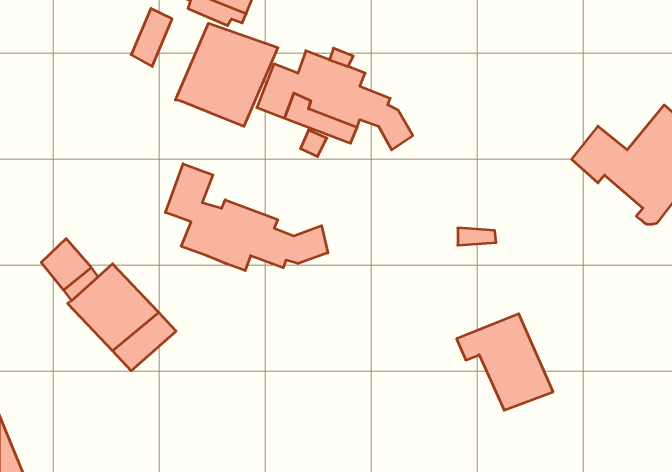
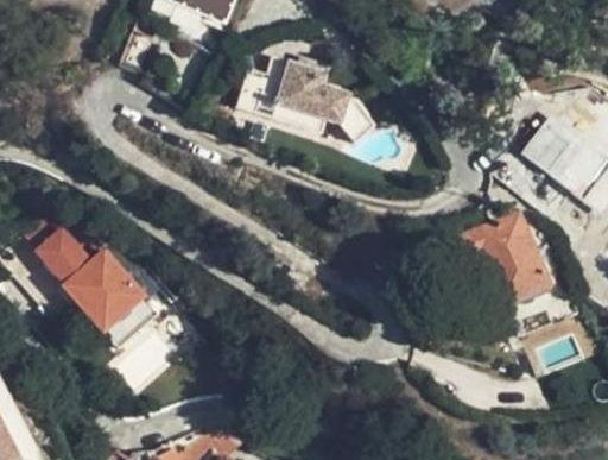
building: [175,23,278,126] -> none
building: [165,164,328,271] -> none
building: [457,314,553,410] -> [462,212,549,298]

